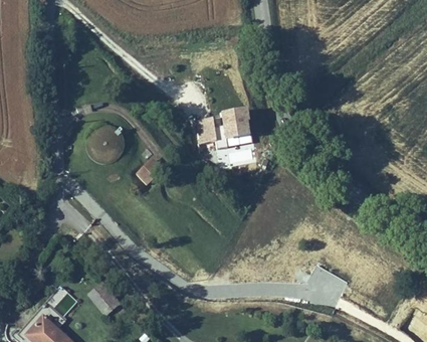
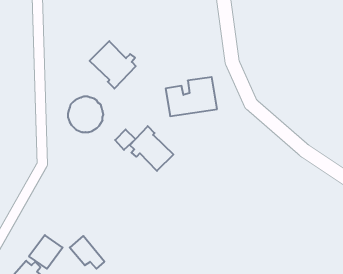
building: none -> [90,41,136,89]
building: none -> [130,126,173,171]

